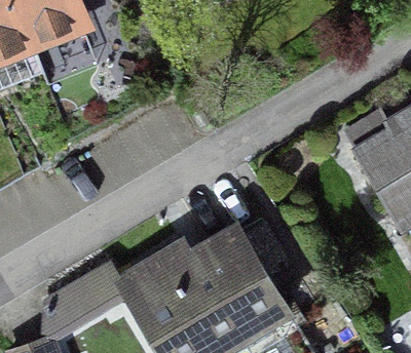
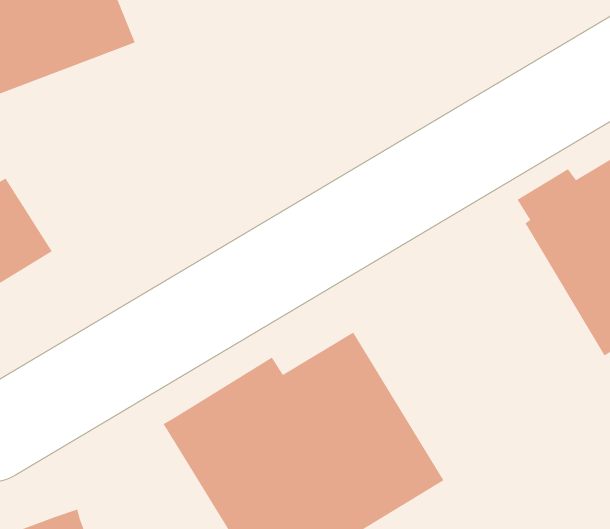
building: [41,263,125,344] -> none

